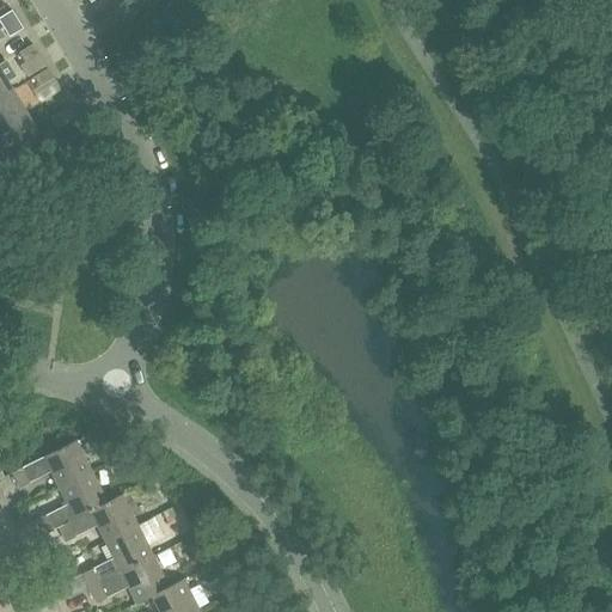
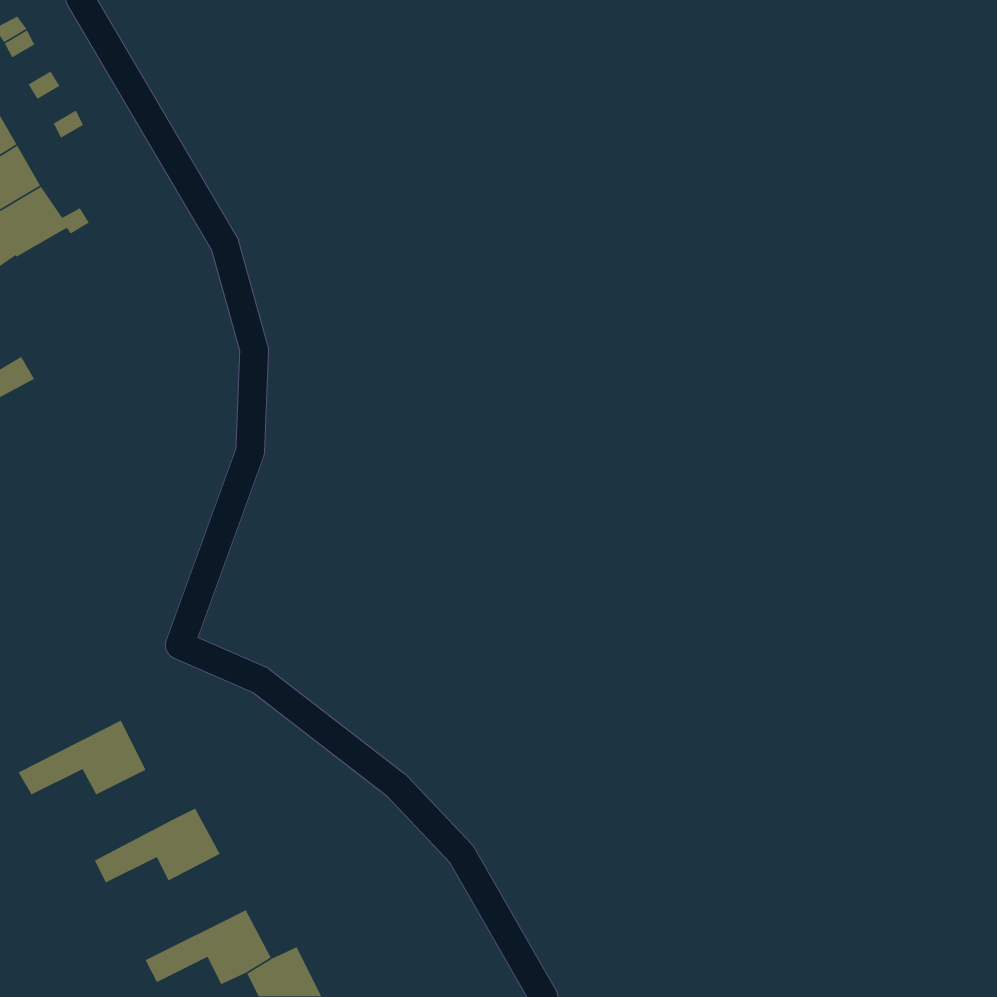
building: [35,471,105,534] -> none
building: [81,522,151,587] -> none

